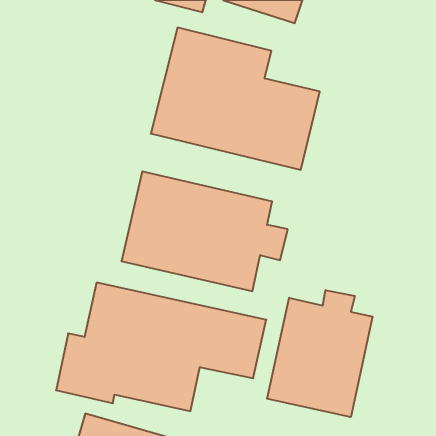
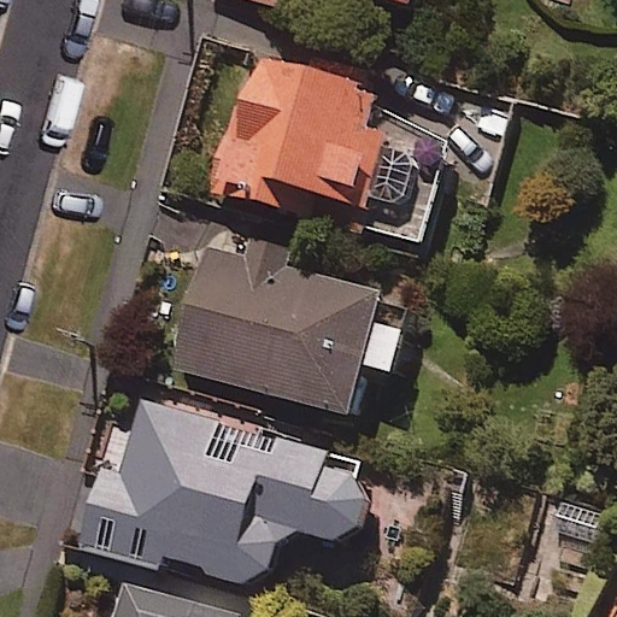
building: [267,290,373,417] -> none

